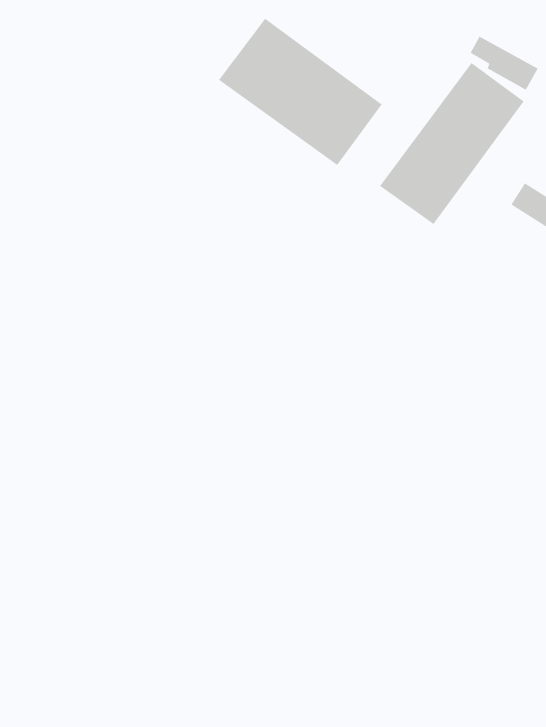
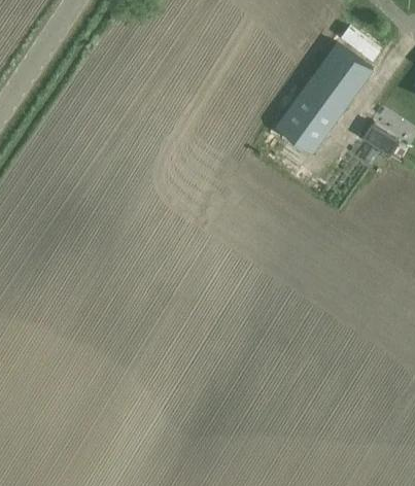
building: [218,18,382,166] -> none

